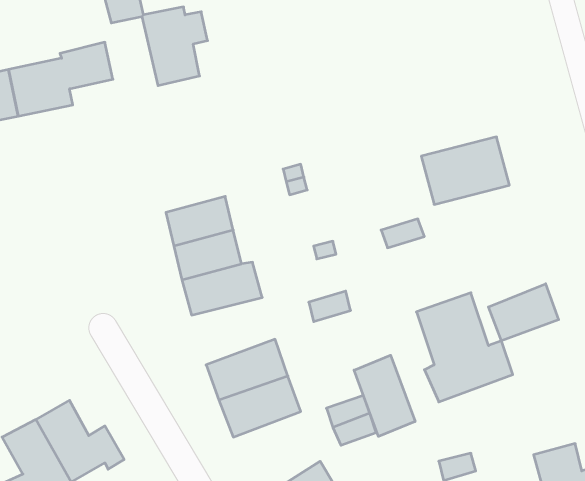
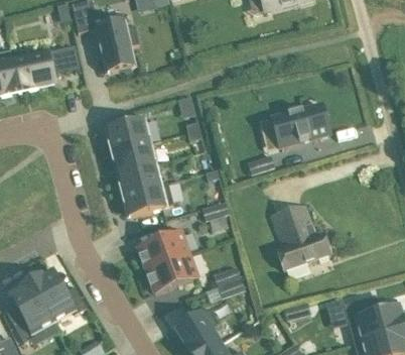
building: none -> [107,120,150,151]
building: [488,284,559,341] -> none
building: [354,355,415,436] -> none

